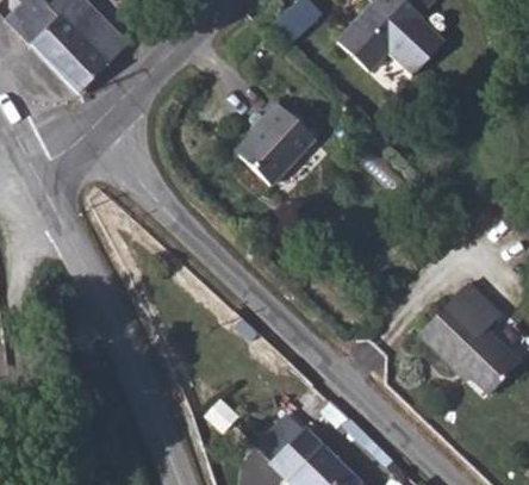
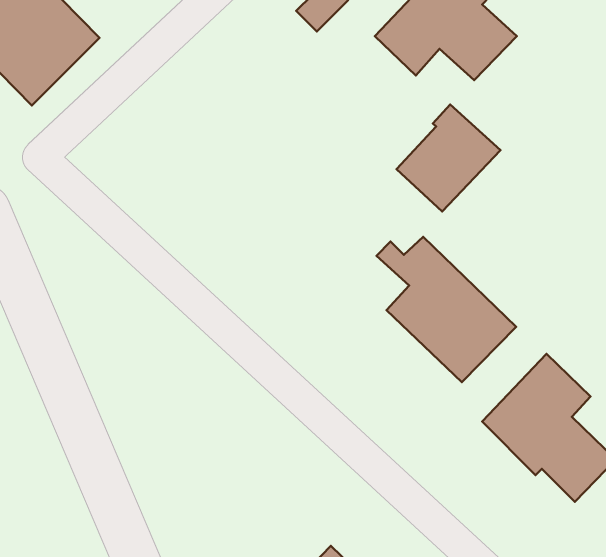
building: [236,102,315,184] -> [397,105,501,212]
building: none -> [376,237,516,382]

